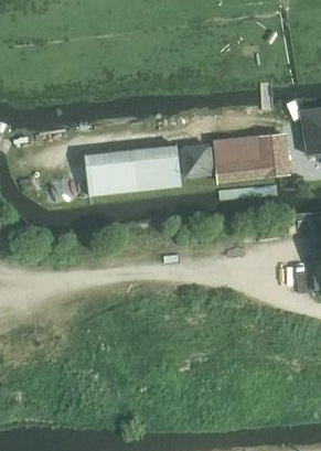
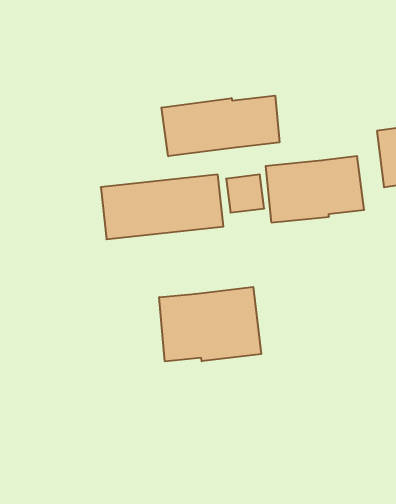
building: none -> [162,96,279,156]
building: none -> [159,287,261,361]

